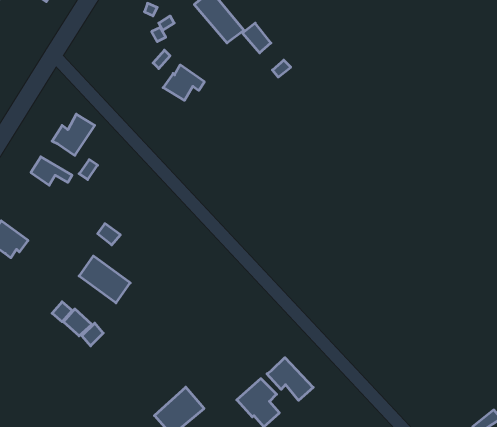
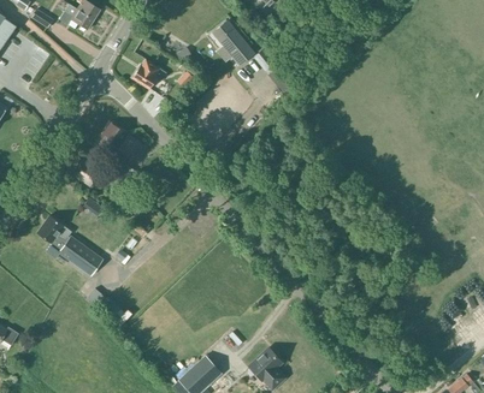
building: [163,65,204,100] -> [131,59,166,89]
building: [79,256,130,303] -> [59,236,102,275]
building: [267,358,313,400] -> none

